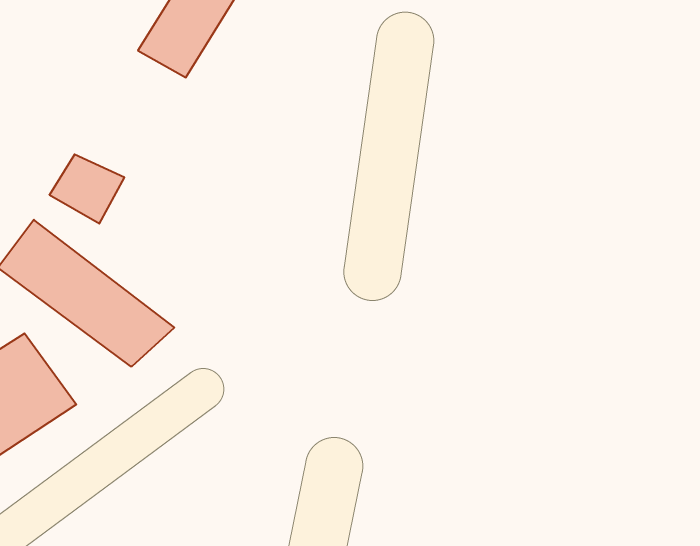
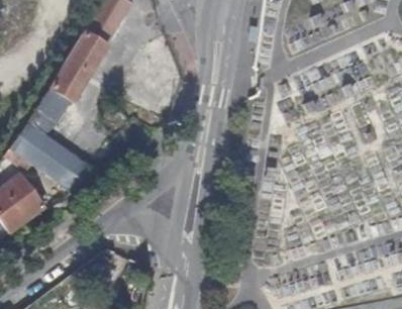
building: none -> [49,33,108,100]

